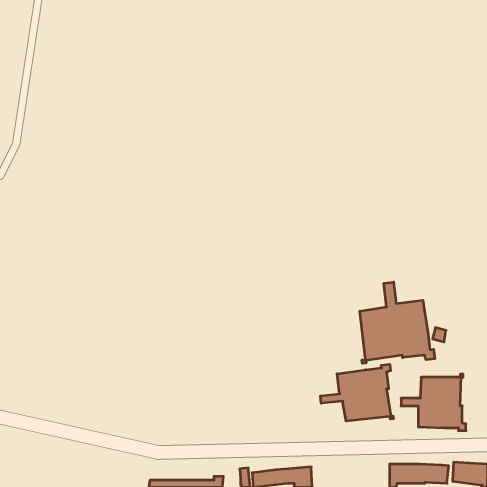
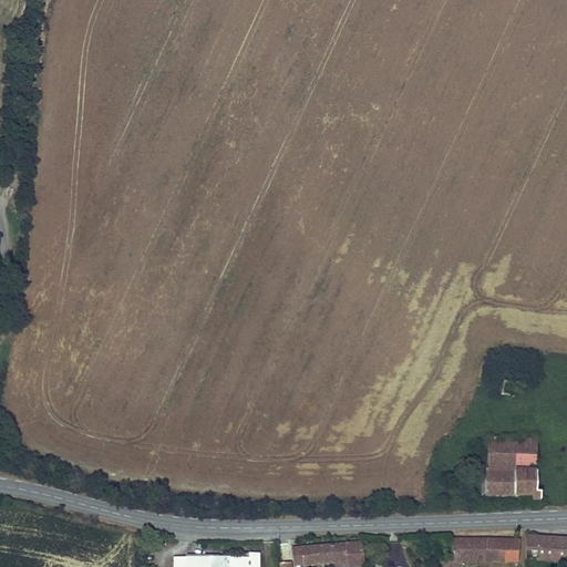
building: [360,282,435,363] -> none
building: [320,364,393,421] -> none

